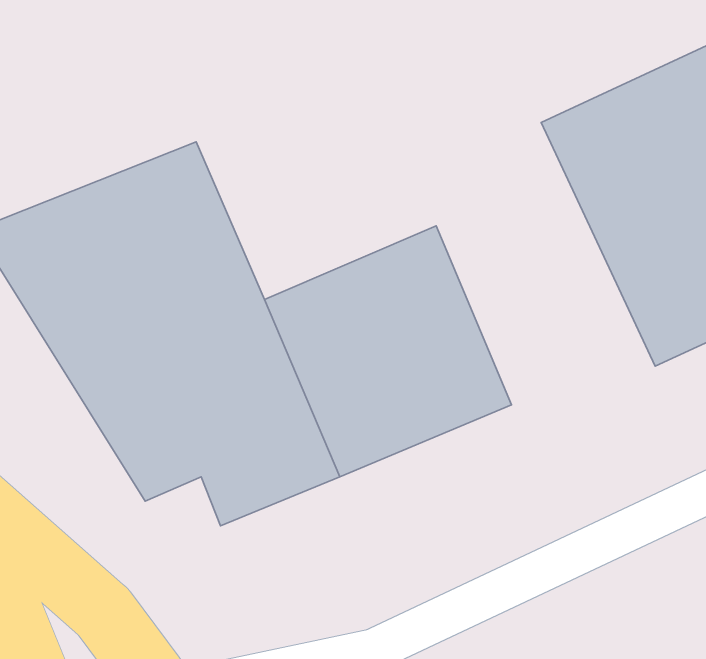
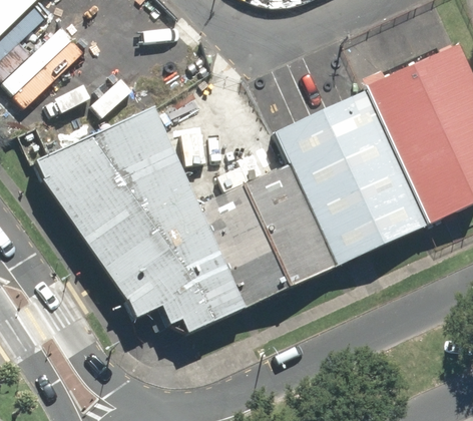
building: none -> [281,95,421,257]

